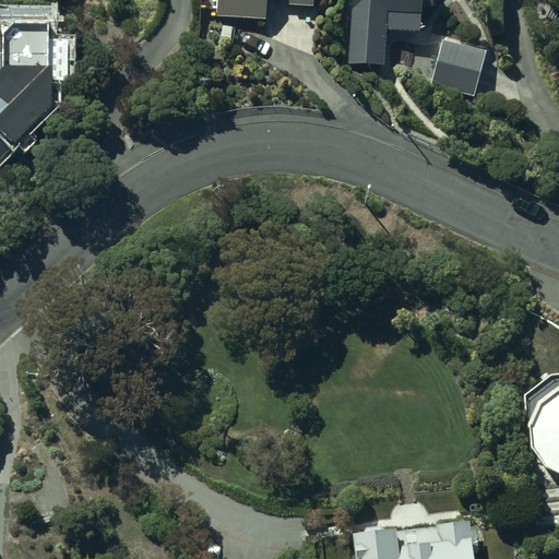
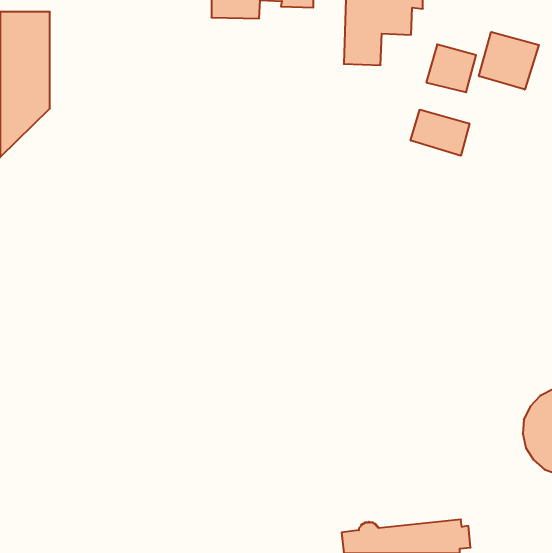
building: none -> [479,32,539,90]
building: none -> [411,110,469,156]

